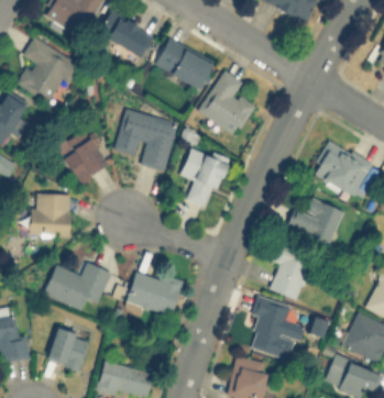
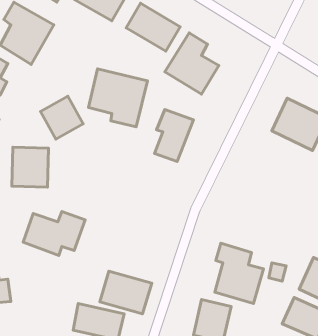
building: [287,198,343,245] -> none
building: [267,247,311,300] -> none
building: [127,270,183,317] -> [100,271,152,314]
building: [46,328,90,371] -> none

